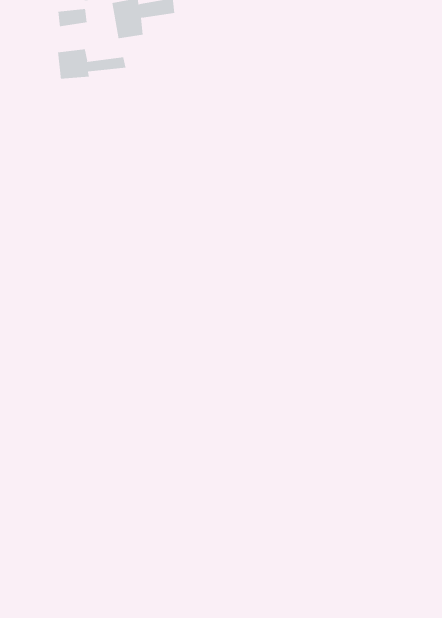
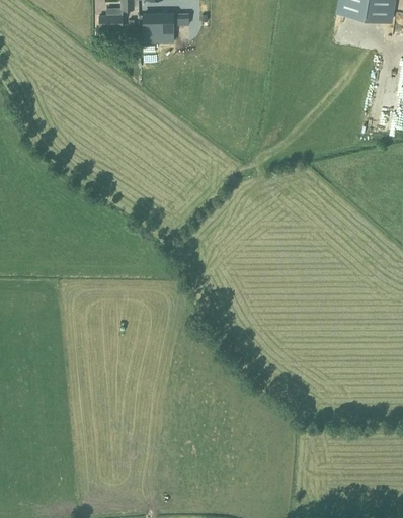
building: [57,49,126,80] -> none

